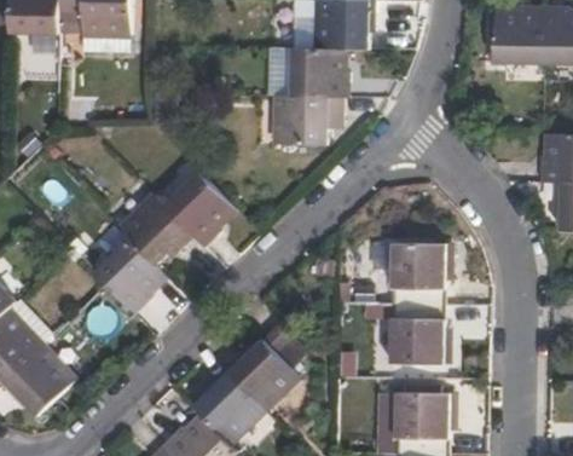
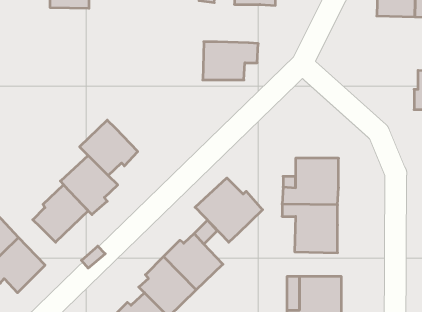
building: [291,48,351,98] -> none
building: [163,172,235,247] -> none
building: none -> [195,178,263,242]
building: none -> [33,185,88,242]

